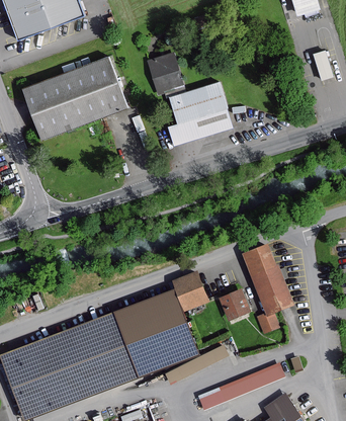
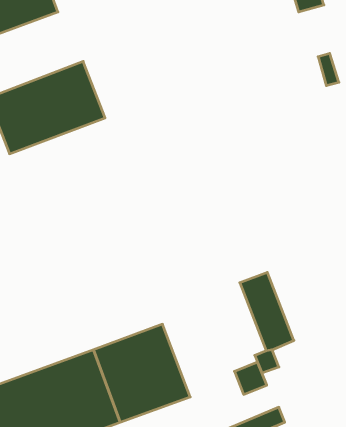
building: [147,55,181,94] -> none
building: [169,83,232,147] -> none
building: [172,272,206,309] -> none
building: [220,289,248,318] -> [234,362,267,394]

